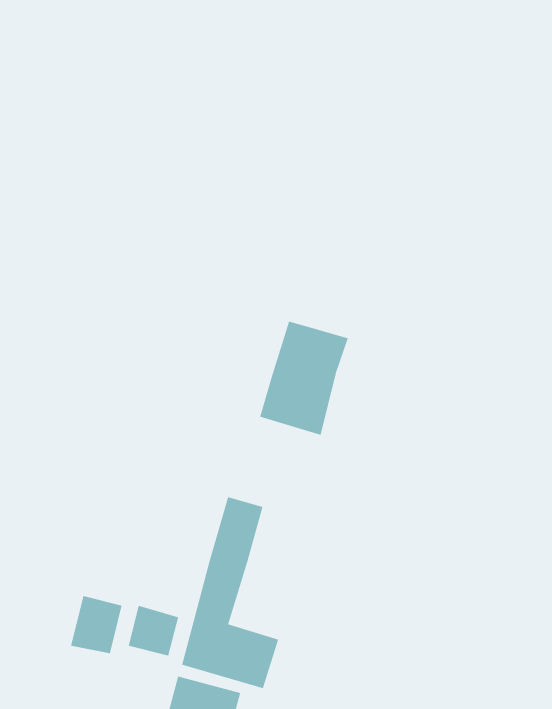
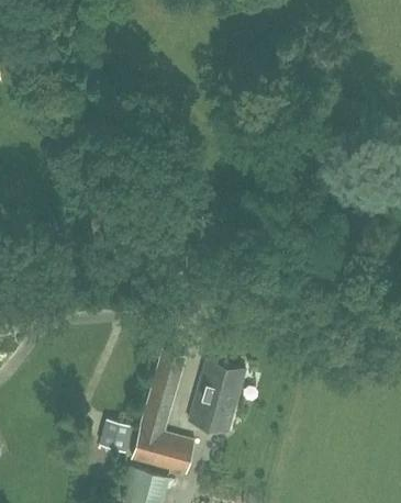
building: [259,321,349,436] -> [189,358,246,432]
building: [70,595,122,654] -> none

